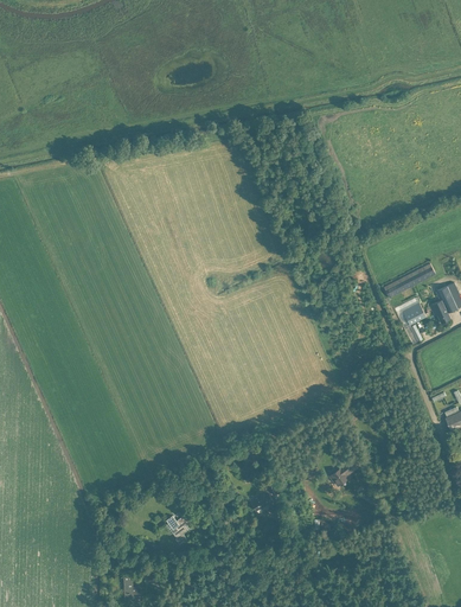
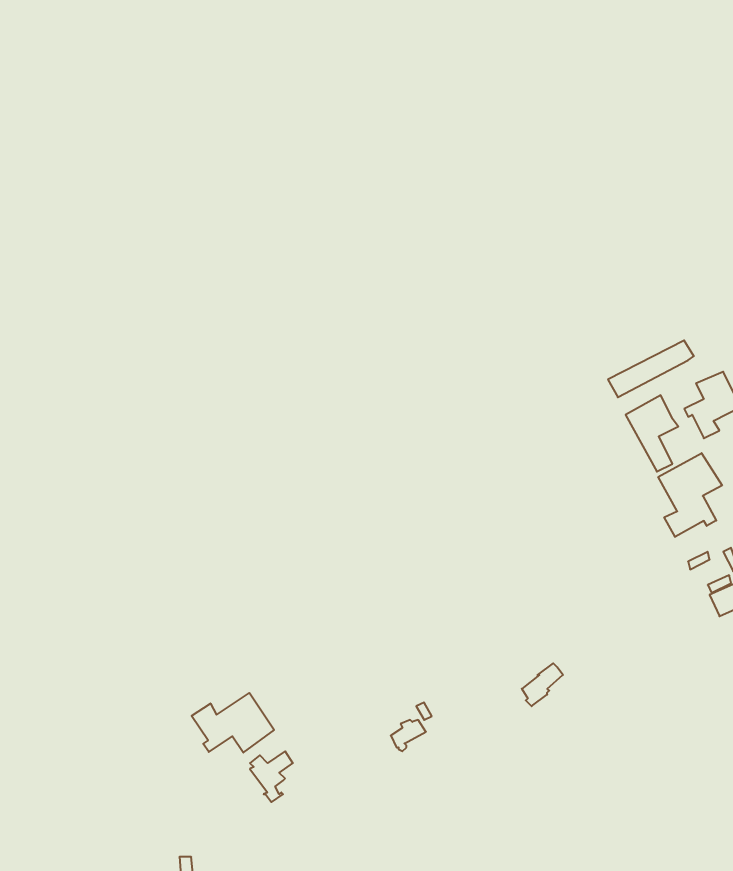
building: none -> [658,453,722,537]
building: none -> [192,693,274,753]

